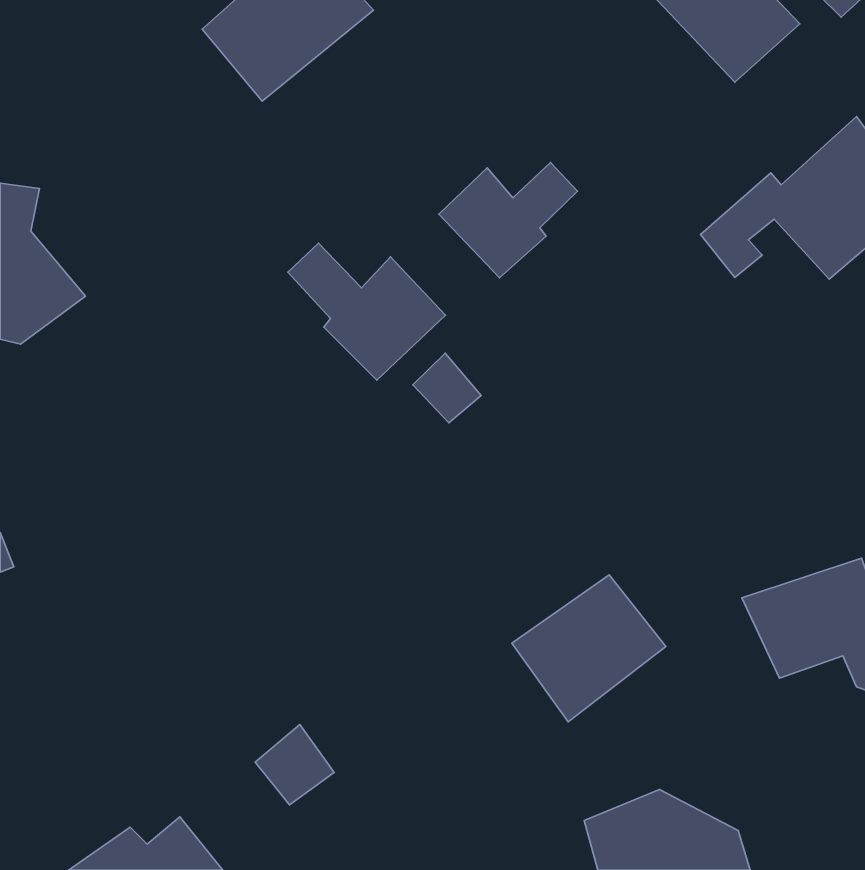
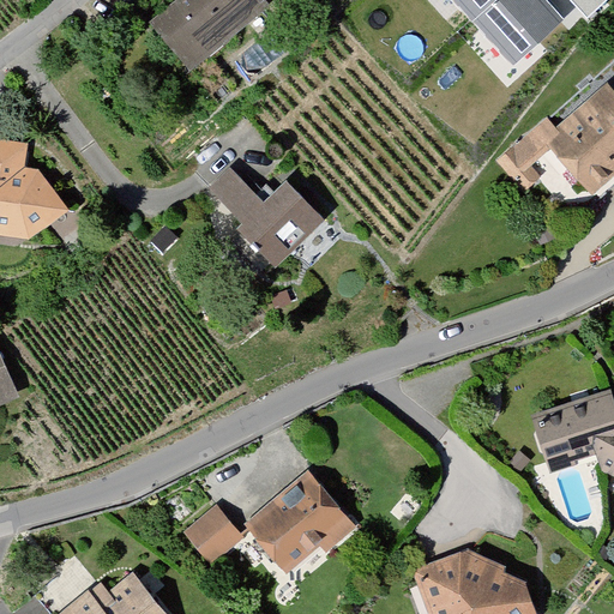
building: [439,163,578,278] -> none
building: [413,353,481,423] -> none
building: [512,575,666,722] -> [245,472,353,576]

